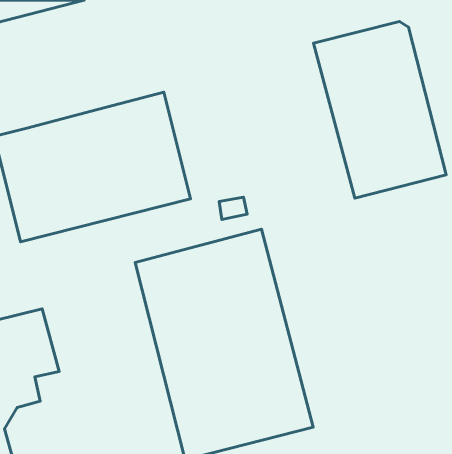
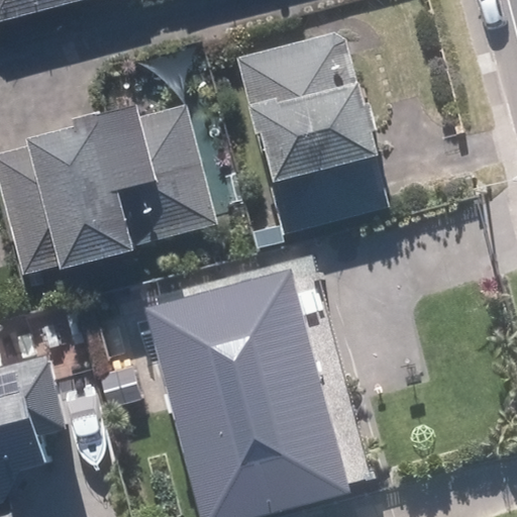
building: [314,22,446,198] -> [233,33,383,232]

